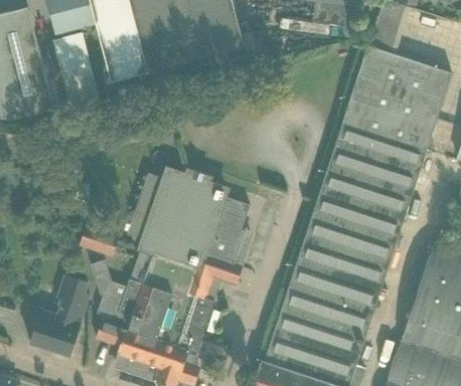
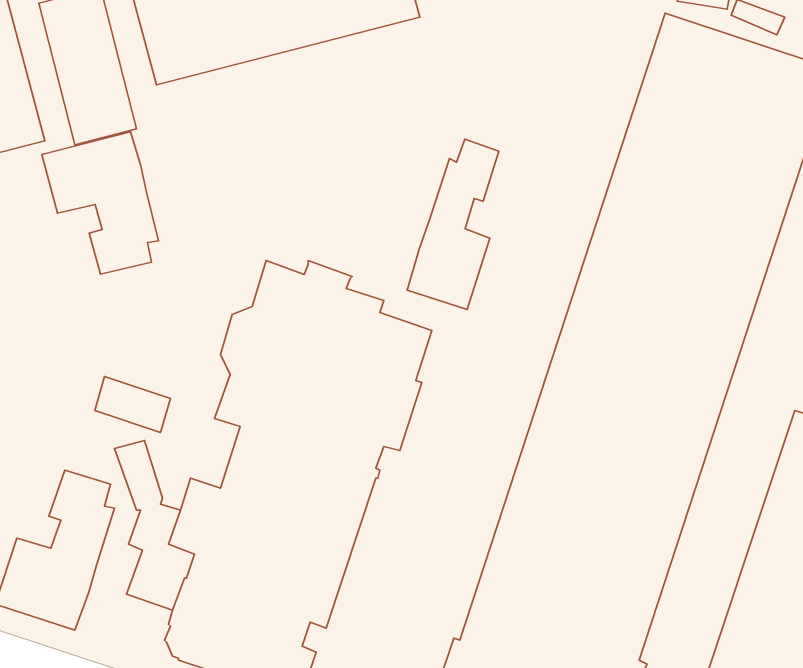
building: none -> [42,132,159,274]
building: none -> [407,139,499,310]

